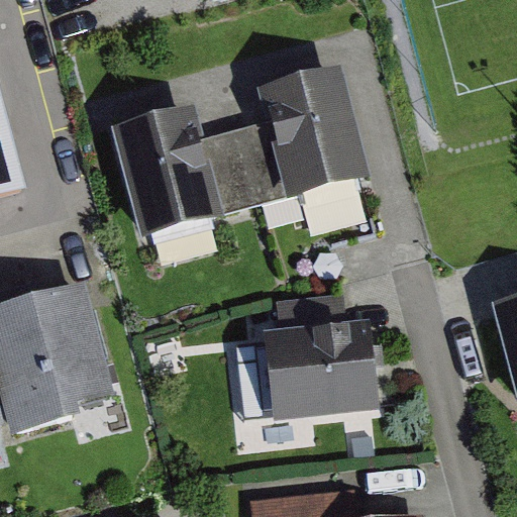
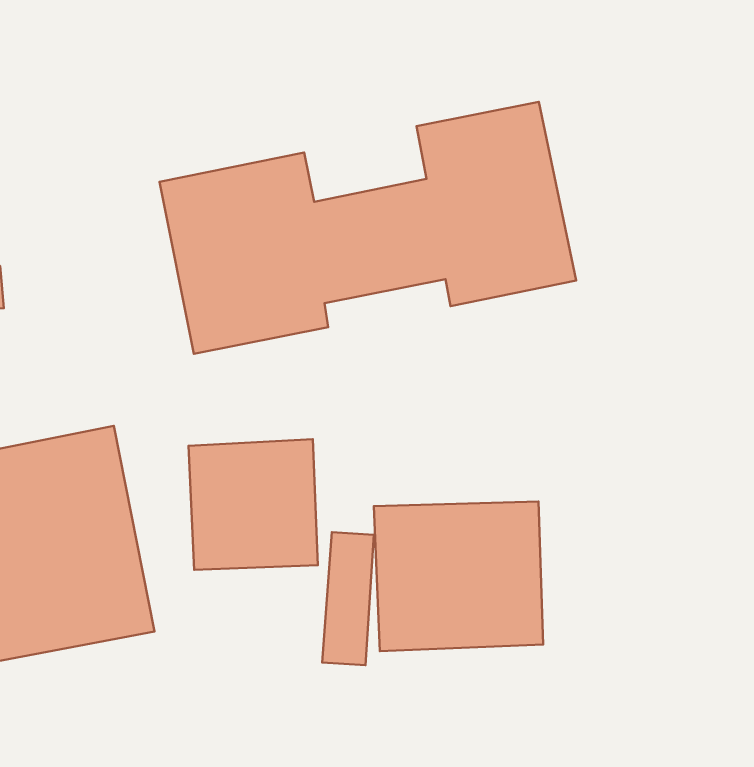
building: none -> [188,439,318,570]

